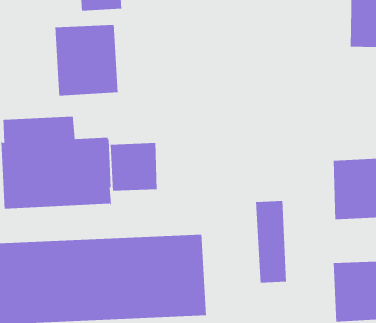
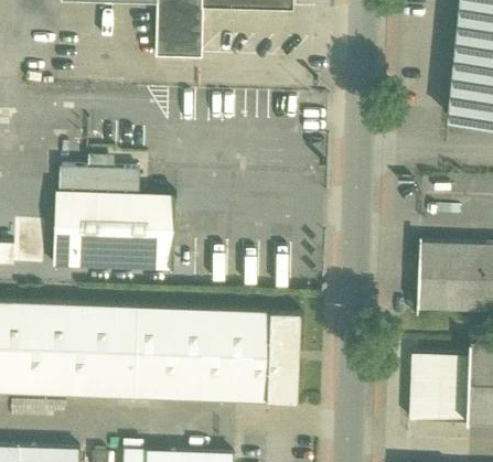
building: [54,24,119,97] -> none
building: [110,142,158,192] -> none
building: [255,200,287,283] -> [268,311,301,402]

